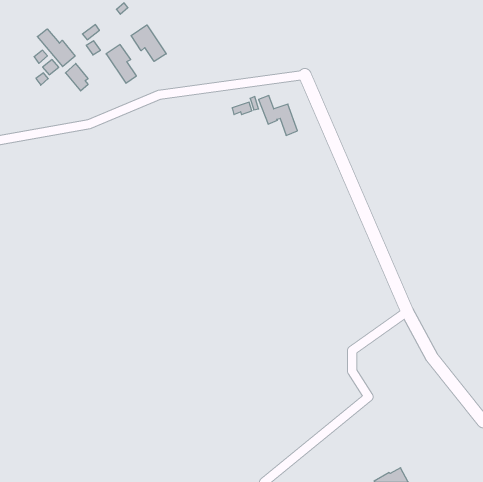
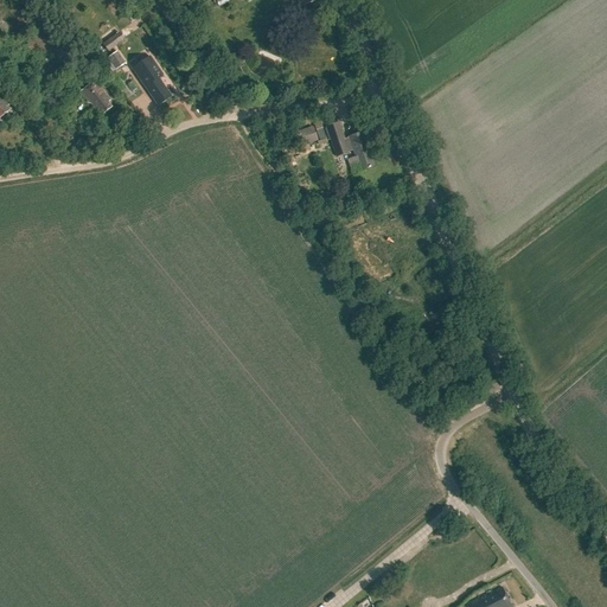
building: [131,25,166,61] -> none
building: [37,29,75,67] -> none

